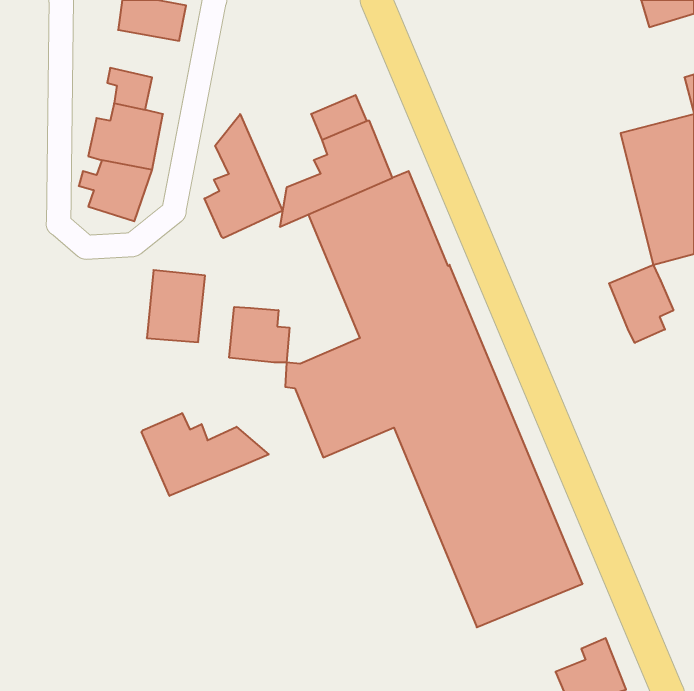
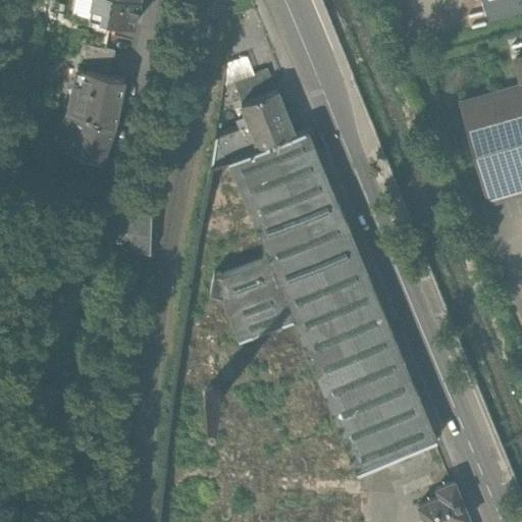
building: [204,114,282,238] -> none
building: [609,265,673,343] -> none
building: [229,307,289,362] -> none
building: [141,413,269,496] -> none

